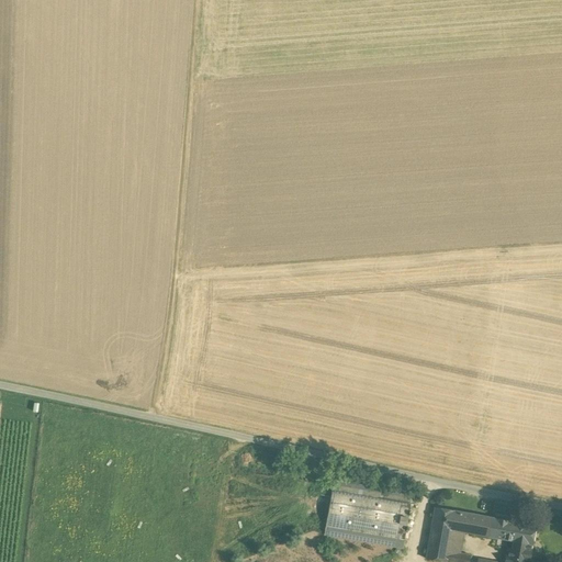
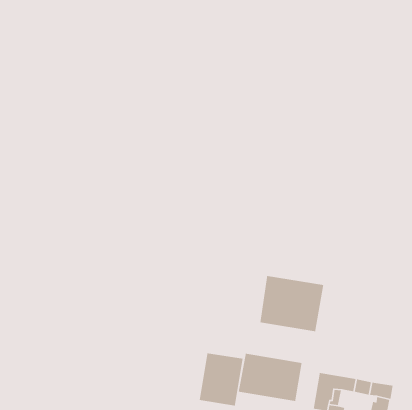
building: none -> [259,275,324,332]
building: none -> [199,353,244,407]

